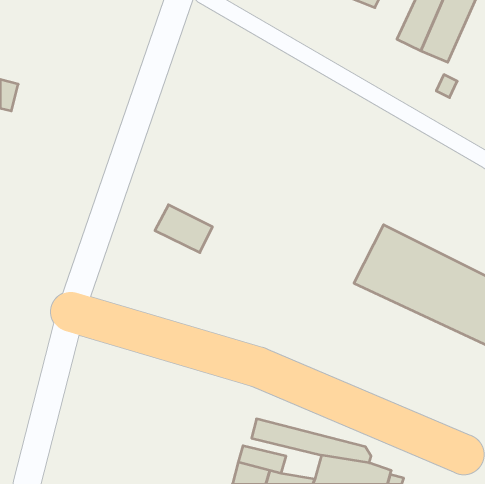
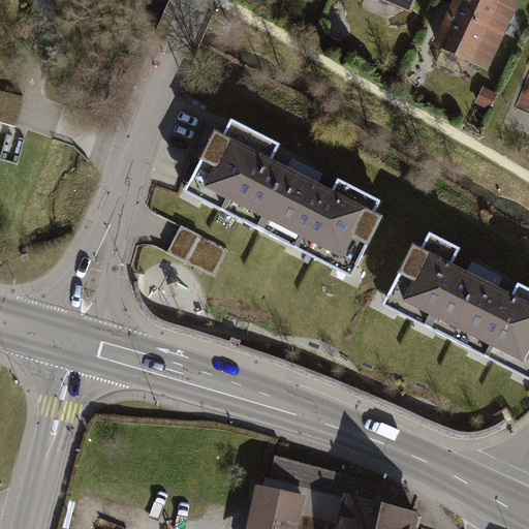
building: none -> [186,127,383,274]

